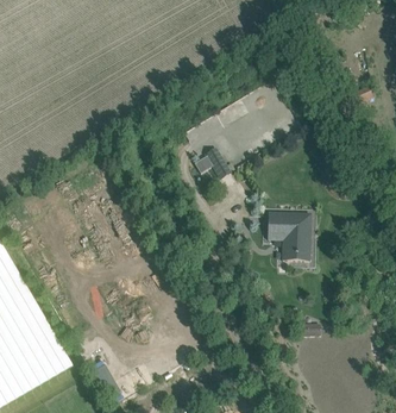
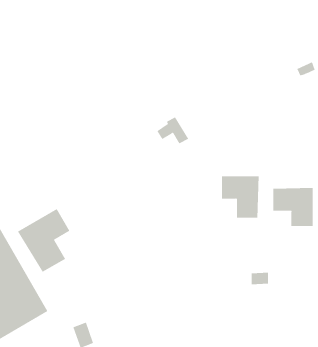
building: none -> [273,187,313,227]
building: none -> [17,208,70,272]

